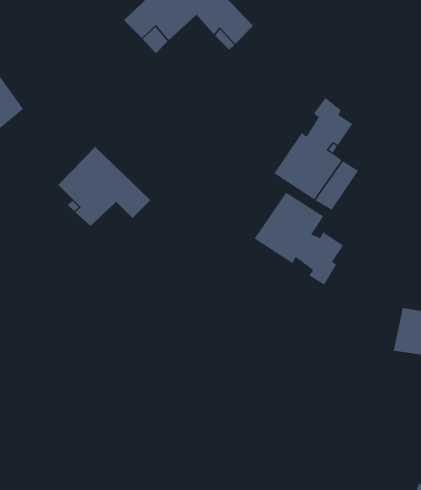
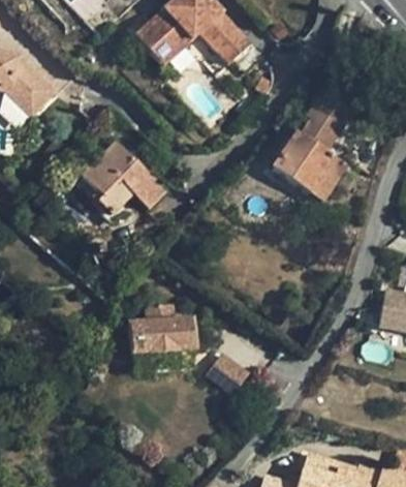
building: [254,192,344,286] -> none
building: none -> [128,307,193,355]
building: none -> [206,358,247,398]

